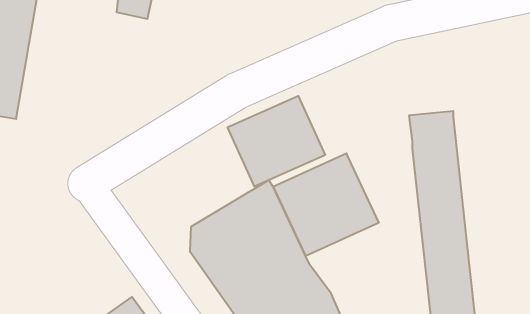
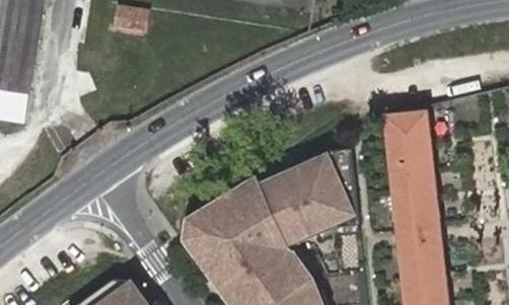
building: [228,96,325,186] -> none

